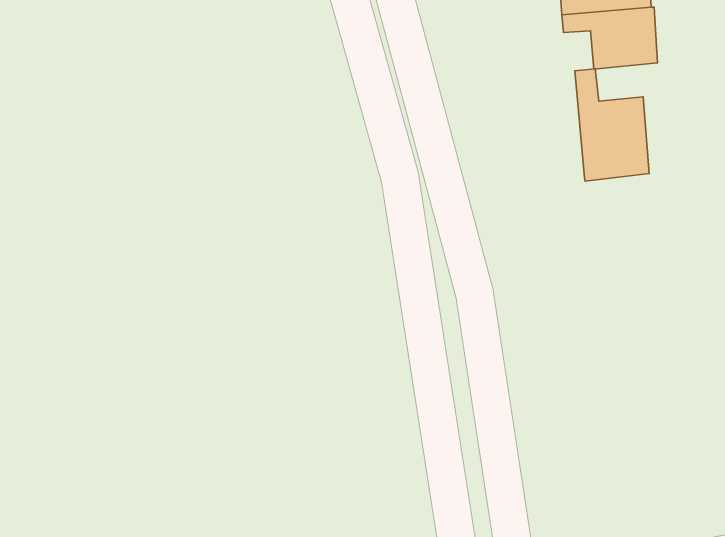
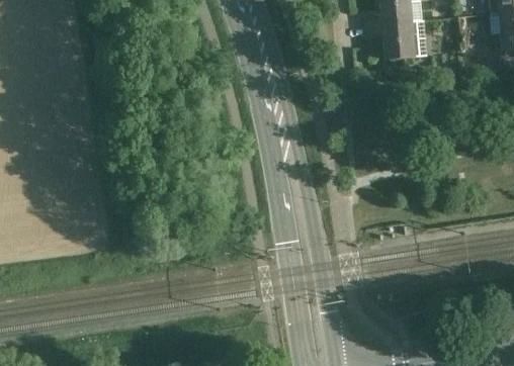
building: [575,69,649,181] -> none

